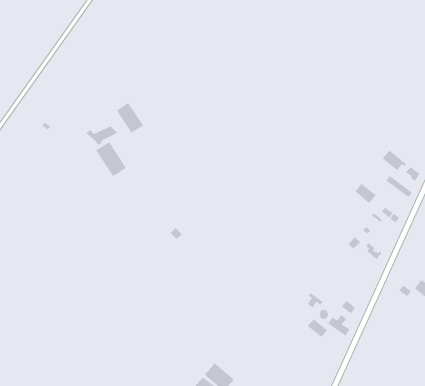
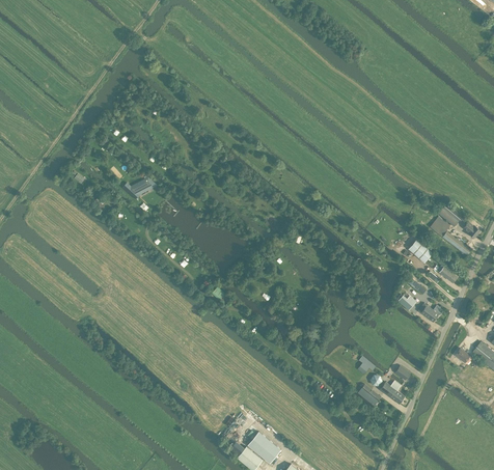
building: [116,102,144,134] -> none
building: [95,141,127,177] -> none

